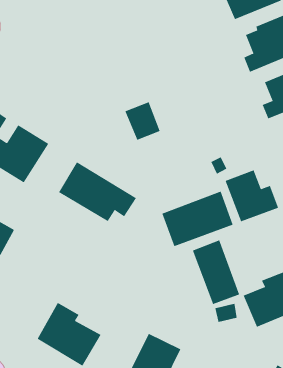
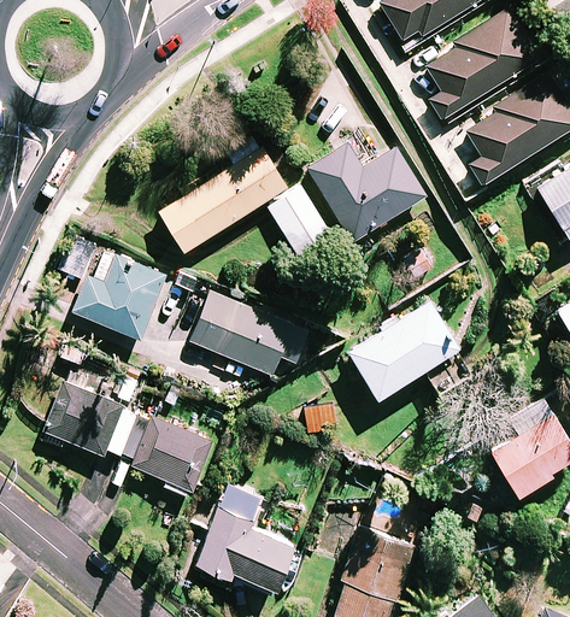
building: none -> [160,136,287,251]
building: none -> [308,143,425,241]
building: [225,170,279,222] -> none
building: none -> [130,416,211,496]
building: [192,240,240,305] -> none

